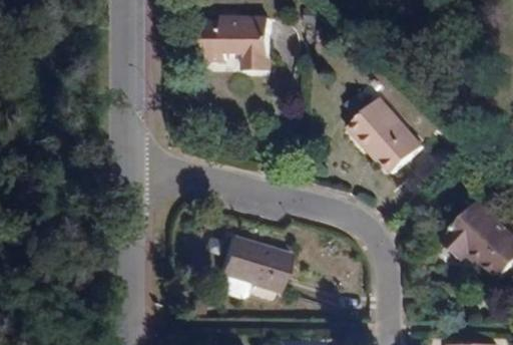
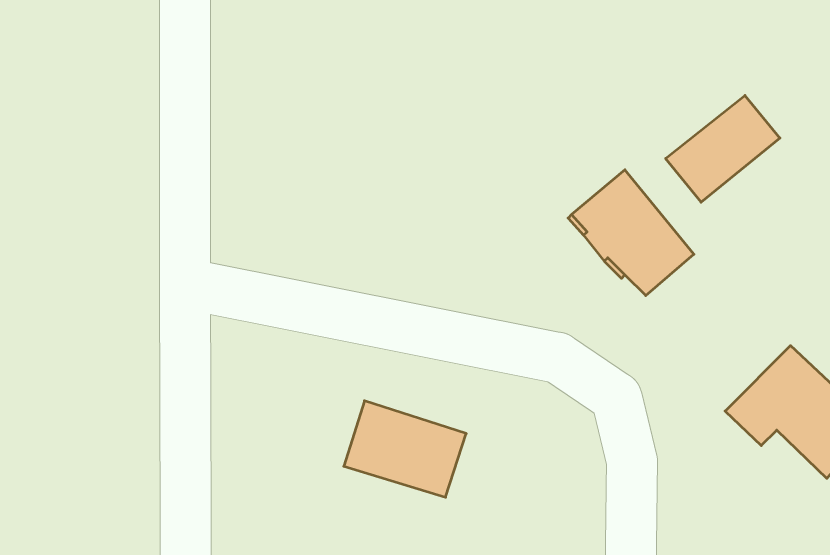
building: [200,15,271,68] -> none
building: none -> [666,95,780,202]

